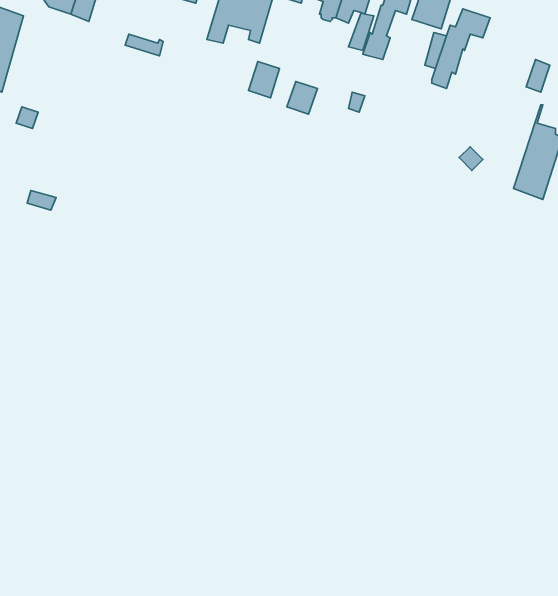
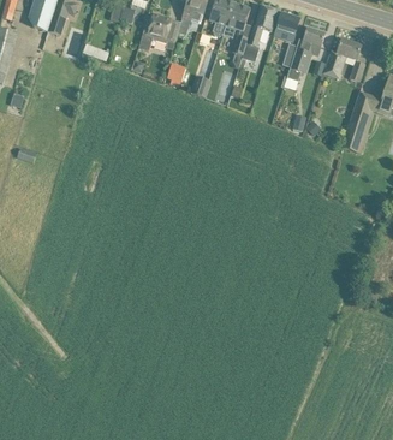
building: none -> [323,37,361,77]

